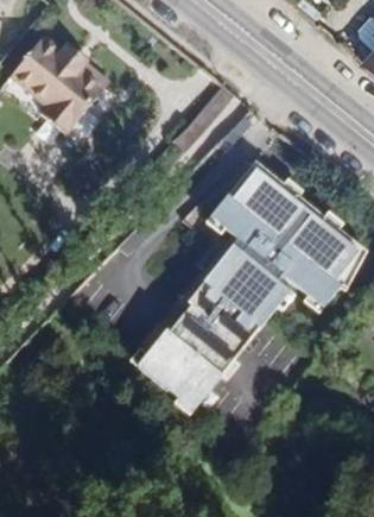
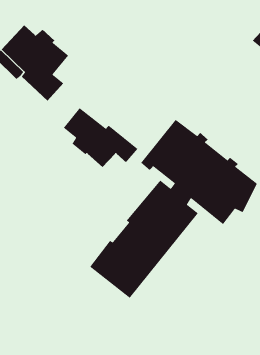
building: none -> [63,107,138,168]

